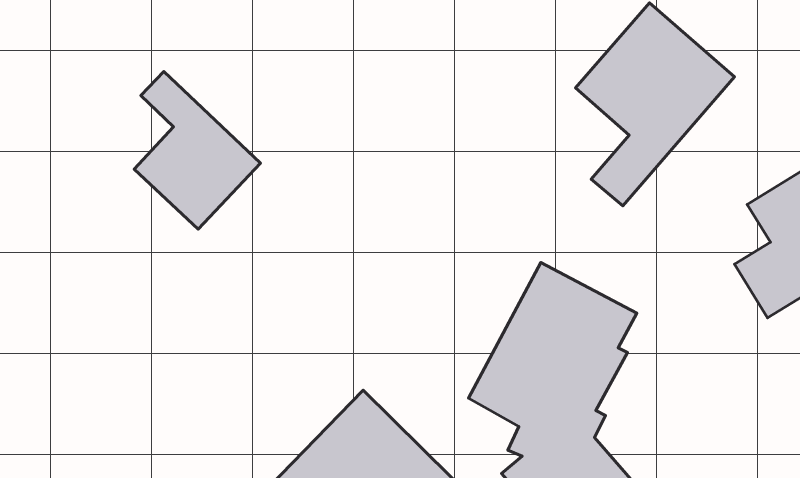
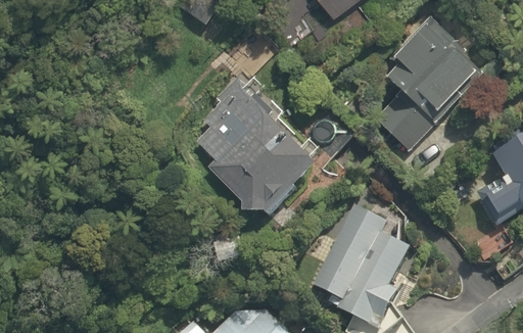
building: [134,71,261,229] -> none
building: none -> [203,87,310,235]

